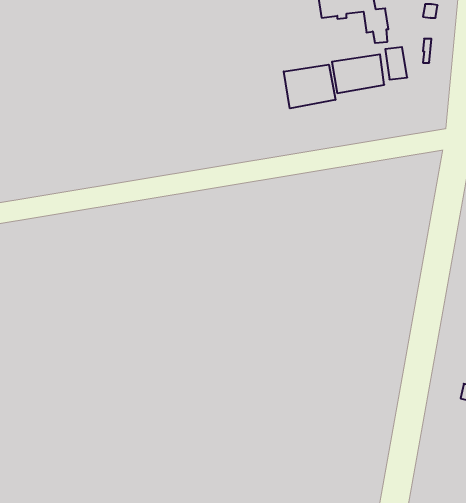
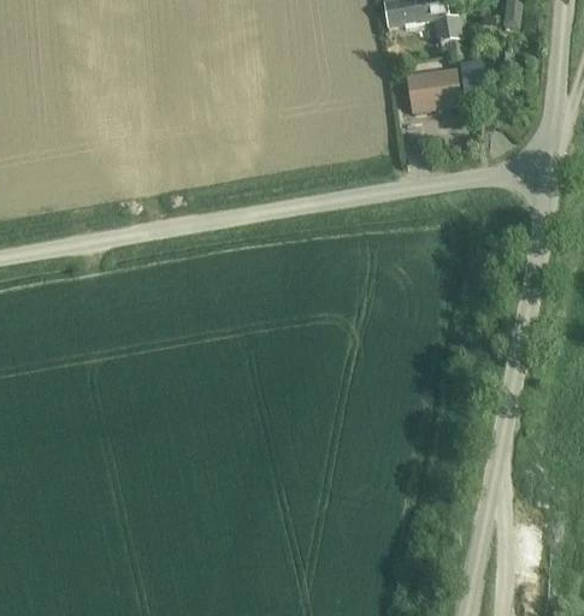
building: [284,65,335,108] -> none

